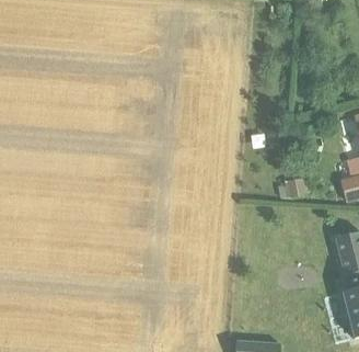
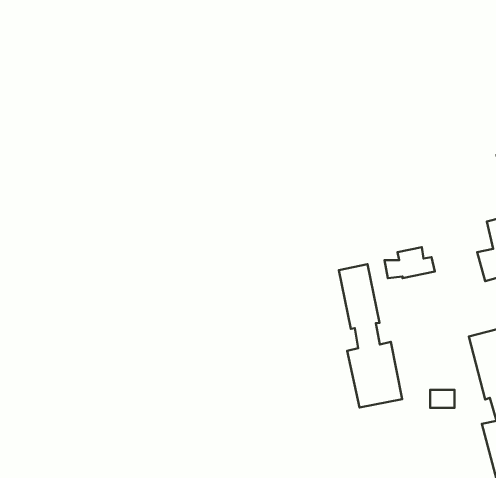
building: none -> [339,264,402,408]

